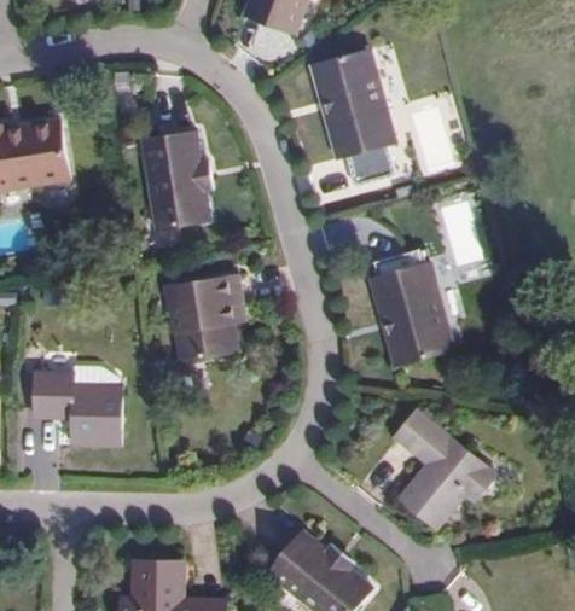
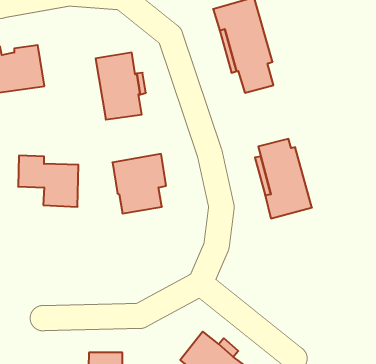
building: [37,372,124,446] -> [18,156,78,207]
building: [391,409,493,526] -> none

